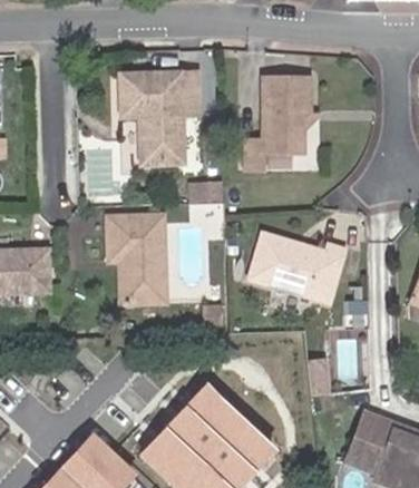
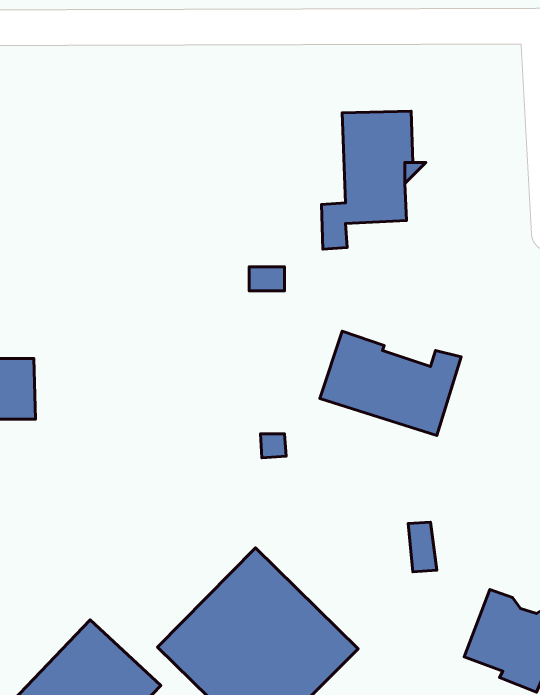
building: [120,74,201,166] -> none
building: [109,216,167,304] -> none

